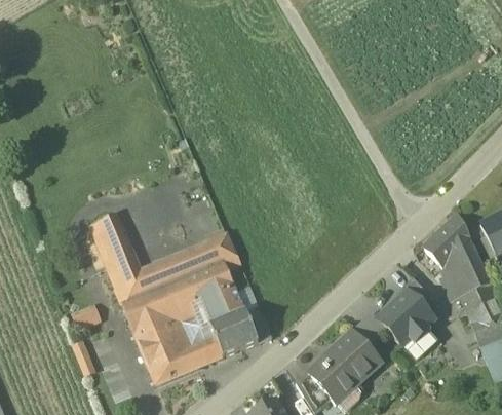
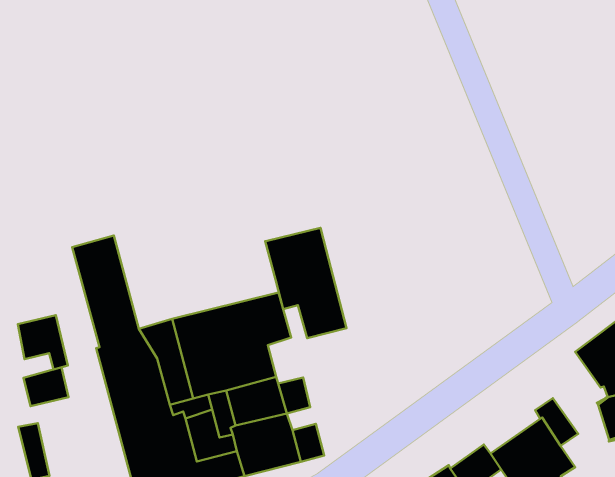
building: none -> [265,228,347,338]
building: none -> [18,315,68,369]

